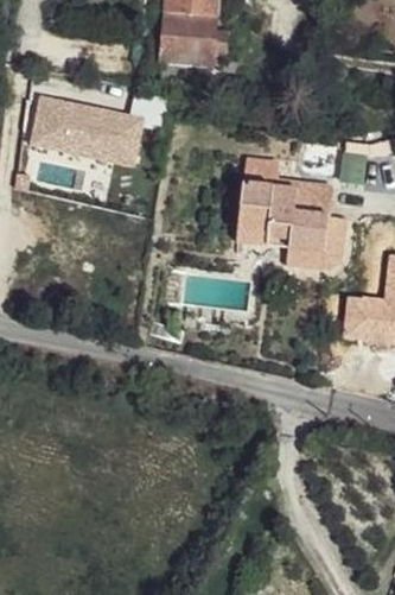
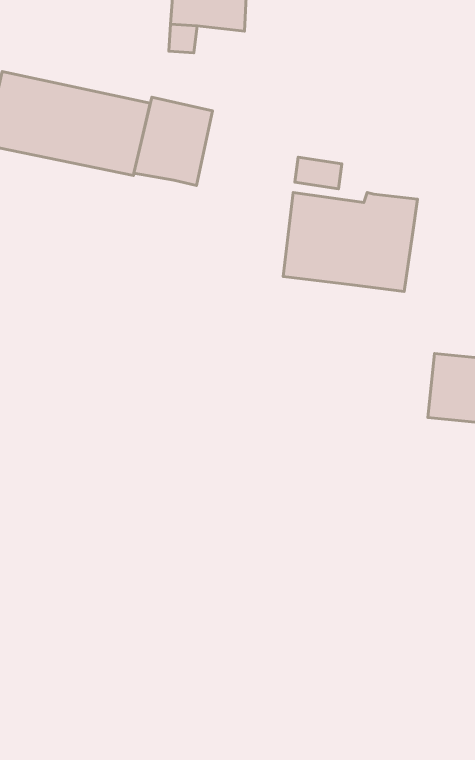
building: none -> [134,97,213,185]
building: [285,210,348,265] -> none

